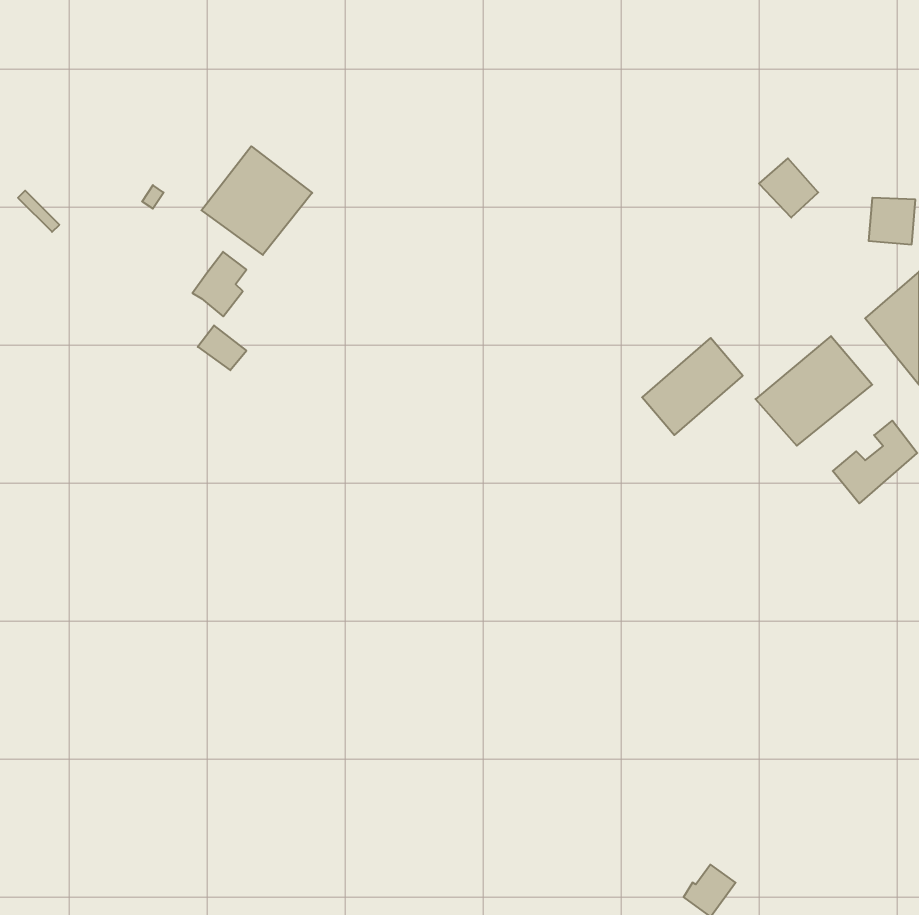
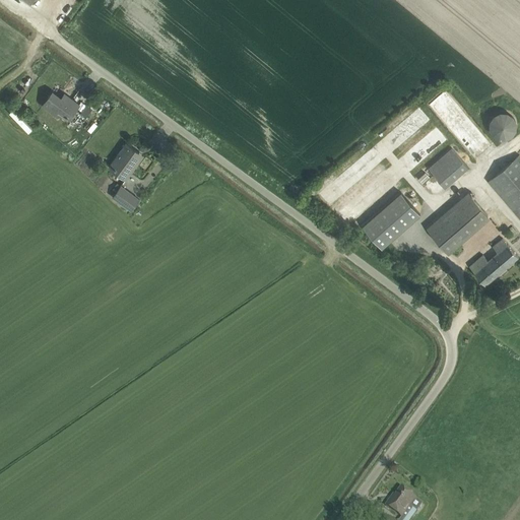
building: [201,146,312,255] -> none
building: none -> [43,93,79,122]
building: none -> [428,149,467,189]

